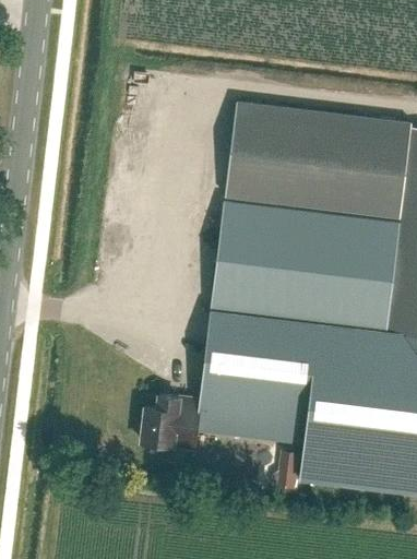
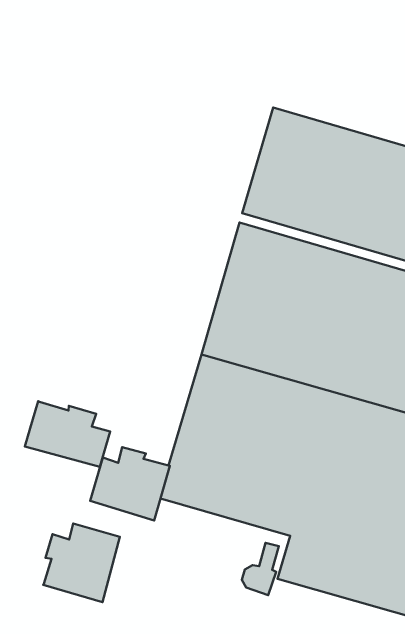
building: none -> [25,401,110,467]
building: none -> [43,524,120,602]

